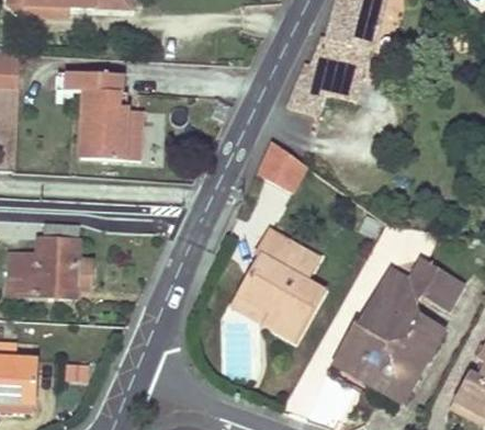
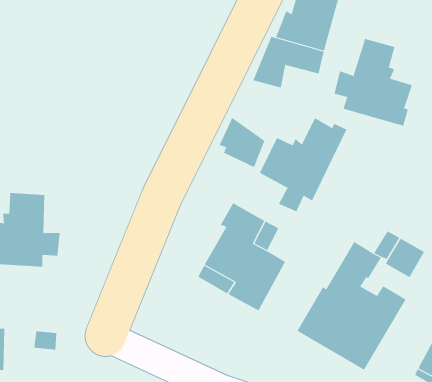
building: none -> [334,38,413,126]
building: [58,70,145,159] -> none
building: none -> [259,117,347,212]

